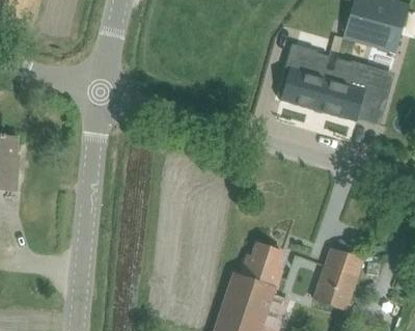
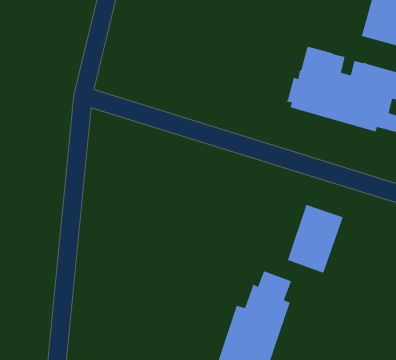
building: [313,249,363,310] -> [287,204,344,274]

